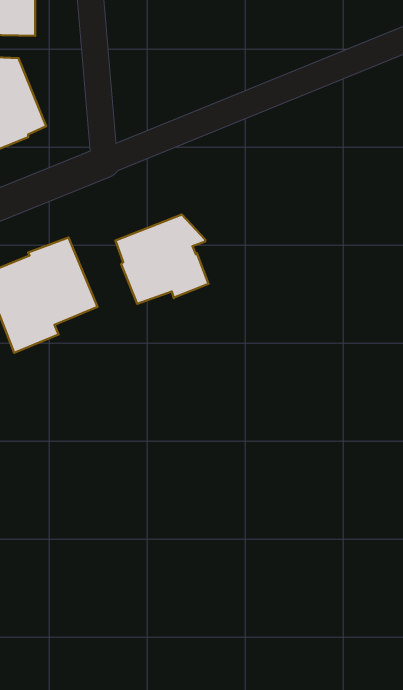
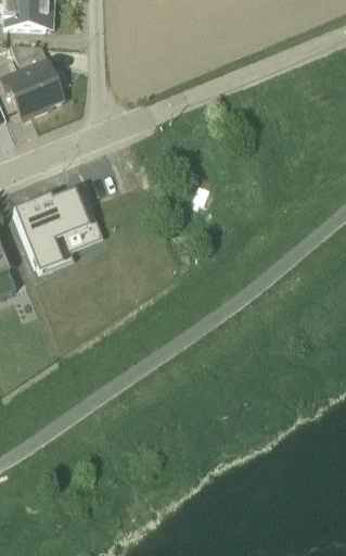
building: [116,214,209,304] -> none

